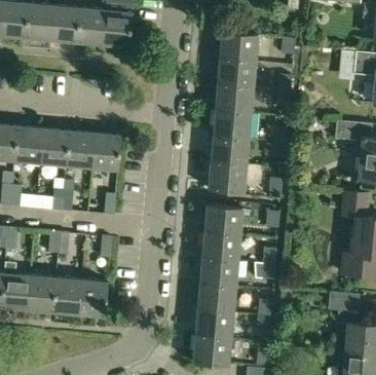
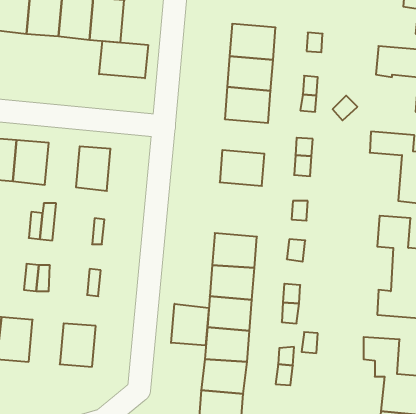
building: none -> [99,41,148,78]
building: [213,111,251,140] -> none
building: [66,130,95,167] -> none
building: [209,163,246,192] -> none
building: none -> [171,304,209,345]
building: [52,277,81,314] -> none

